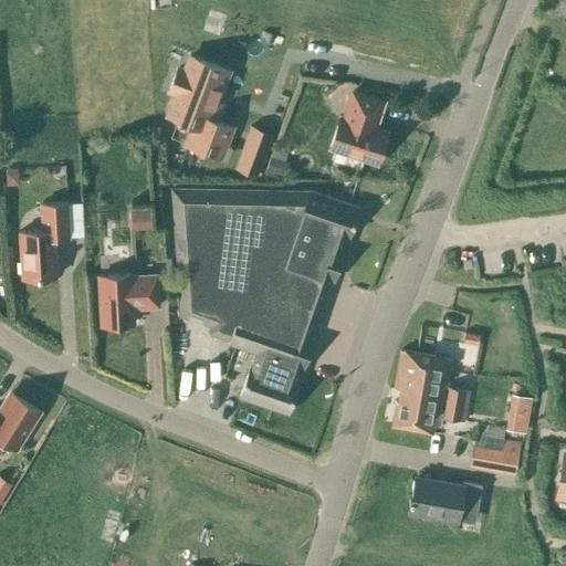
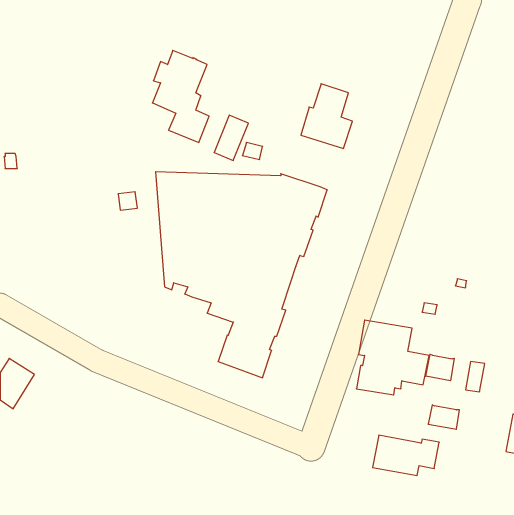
building: [21,203,71,279] -> none
building: [101,275,159,326] -> none
building: none -> [426,354,454,381]

